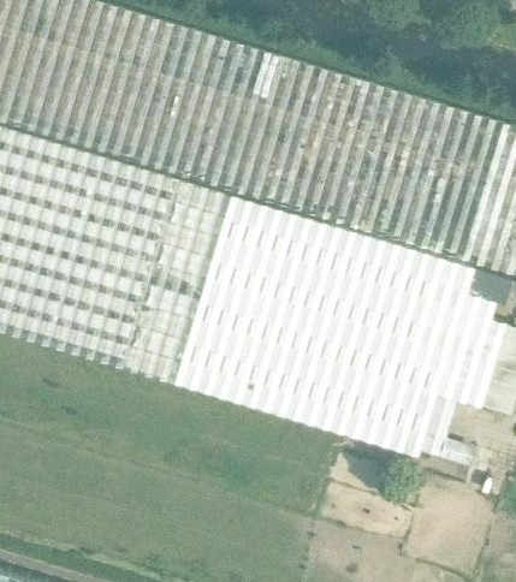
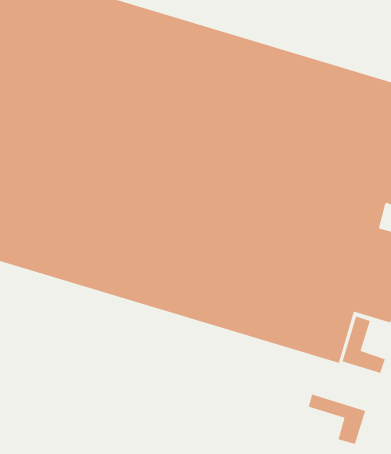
building: none -> [308,394,366,445]

